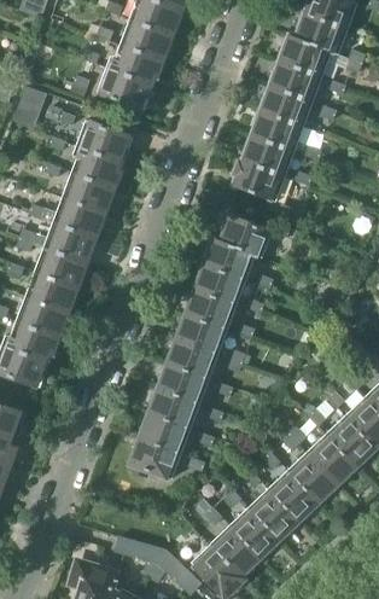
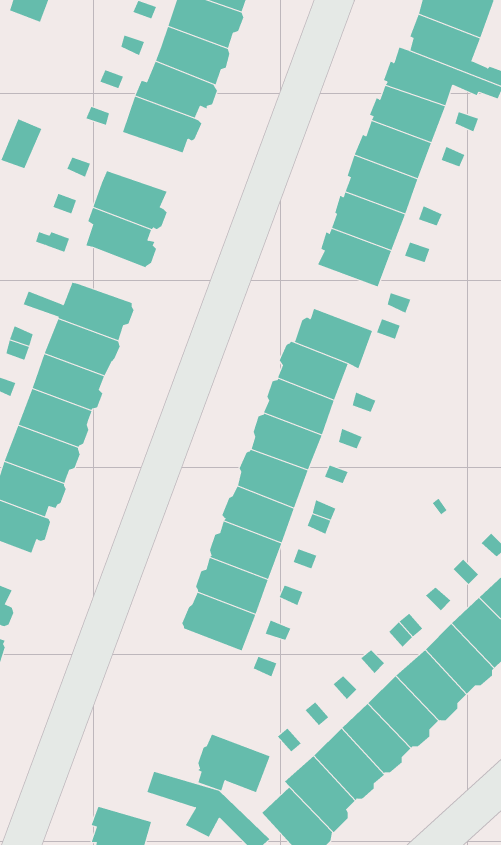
building: [66,174,113,213] -> none
building: [129,438,180,479] -> [197,734,271,793]

